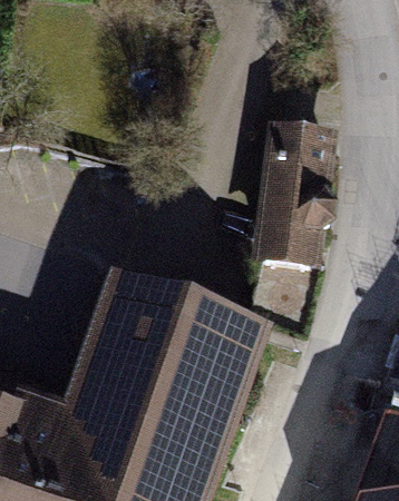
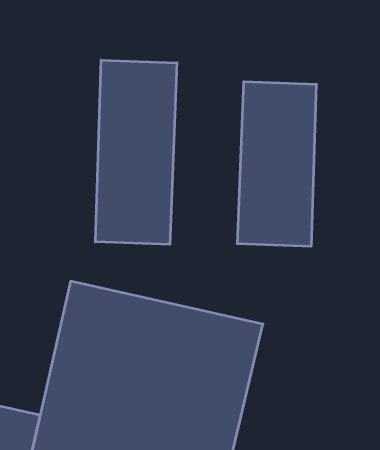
building: none -> [95,60,177,244]

